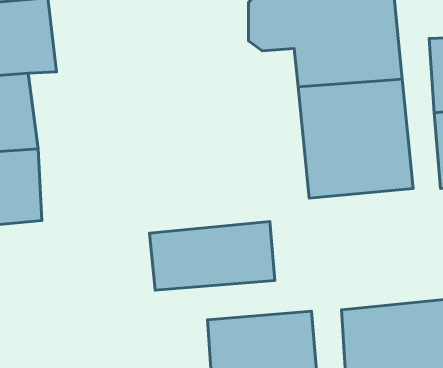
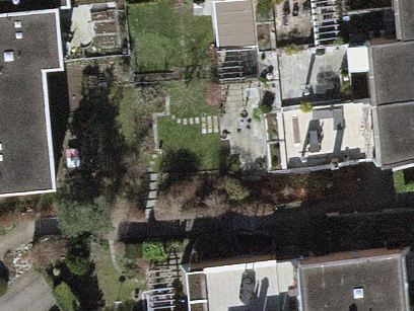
building: [149,221,275,290] -> none

